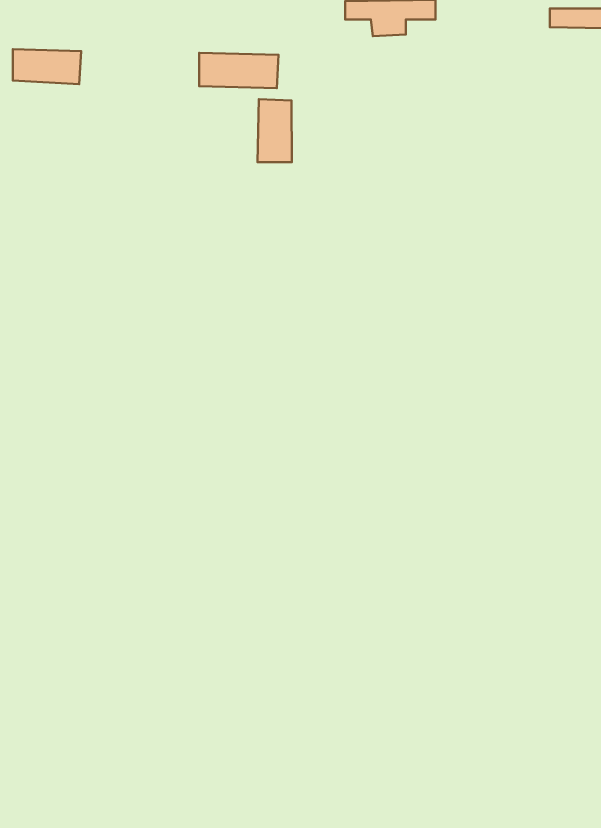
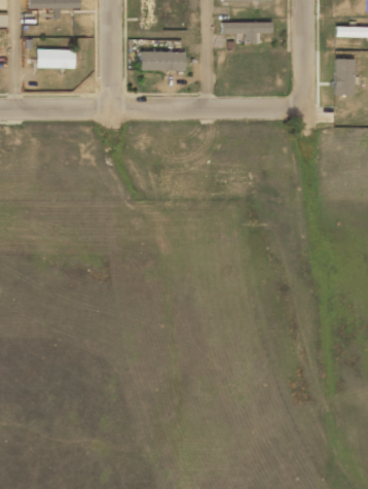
building: none -> [334,59,355,95]
building: [257,99,292,162] -> none

